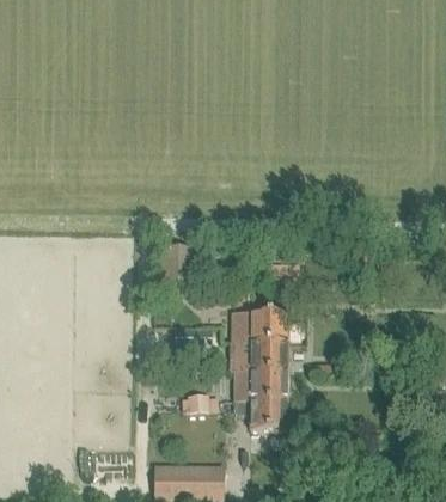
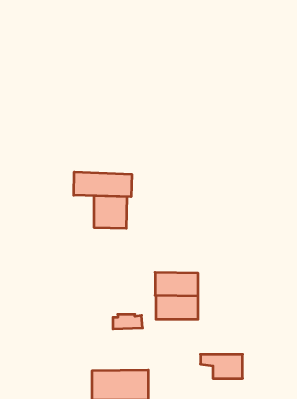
building: none -> [74,172,132,197]
building: [233,312,287,343] -> none
building: [234,400,287,430] -> [200,354,243,378]

